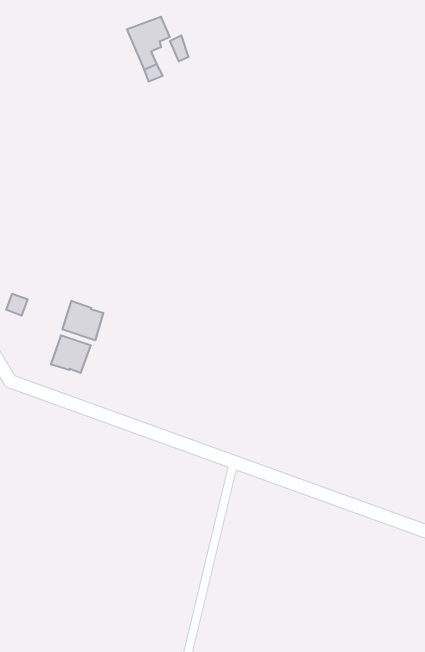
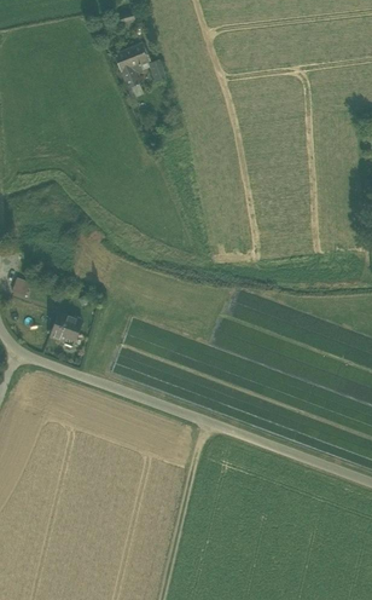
building: [63,301,103,340] -> none

